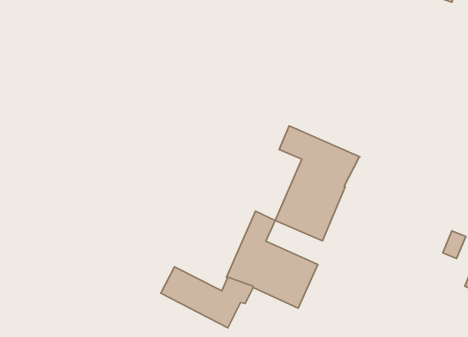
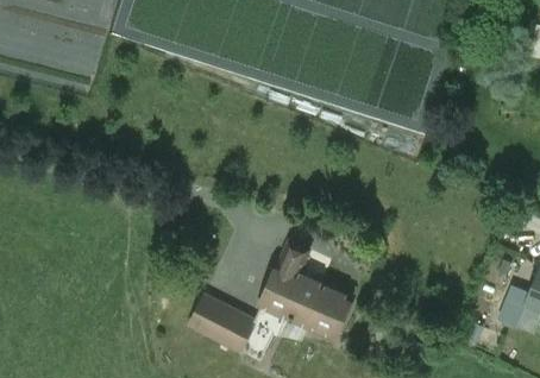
building: [275,126,360,241] -> none

